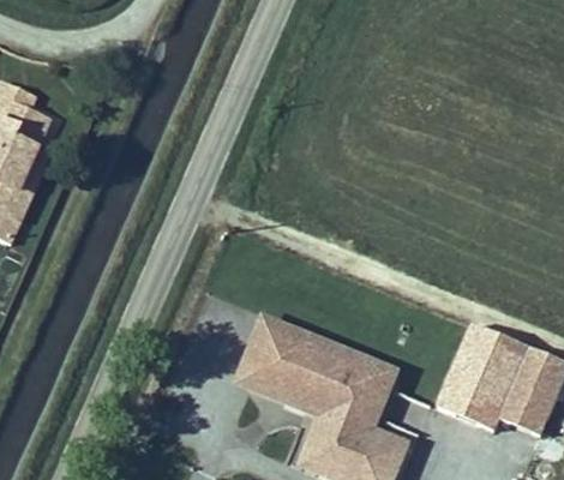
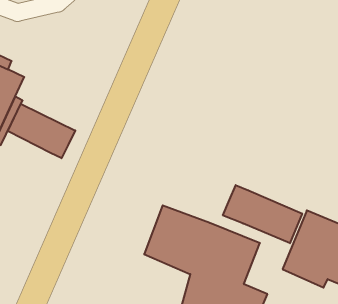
building: none -> [8,104,75,158]
building: none -> [223,185,302,243]

